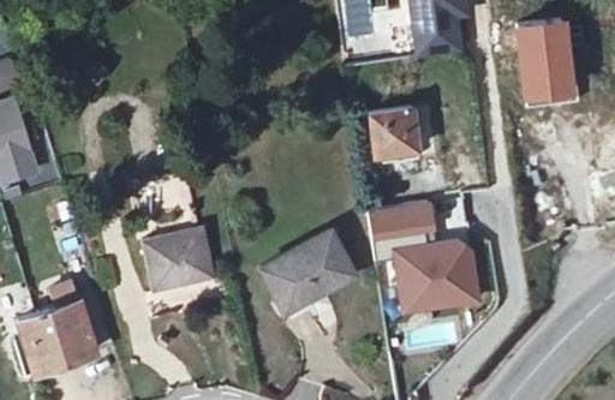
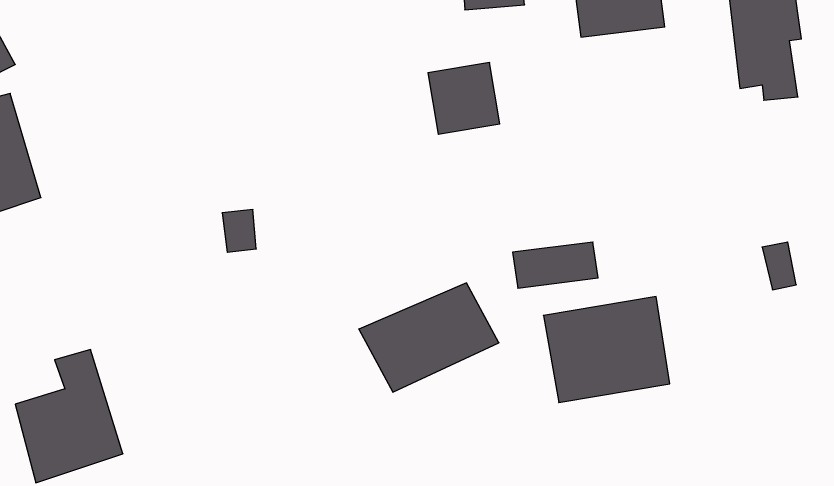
building: [377,103,428,154] -> [428,63,500,134]
building: [144,228,216,295] -> none

